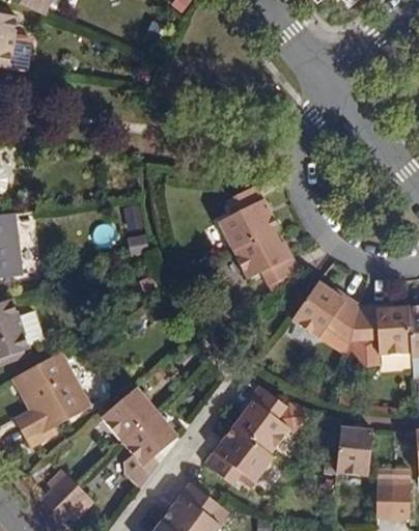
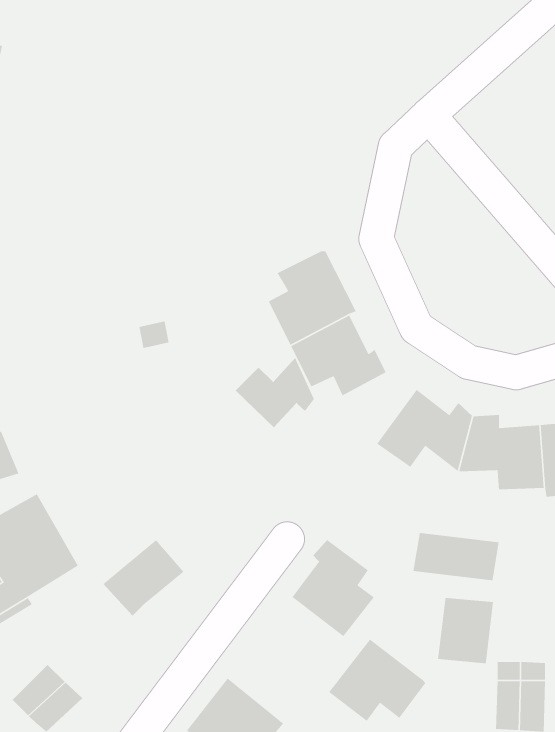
building: none -> [235,357,315,428]
building: none -> [413,532,500,581]
building: [122,410,177,484] -> none
building: [204,427,273,485] -> [328,638,426,722]

